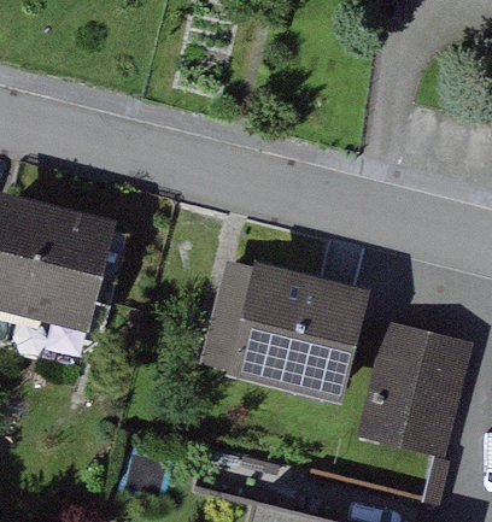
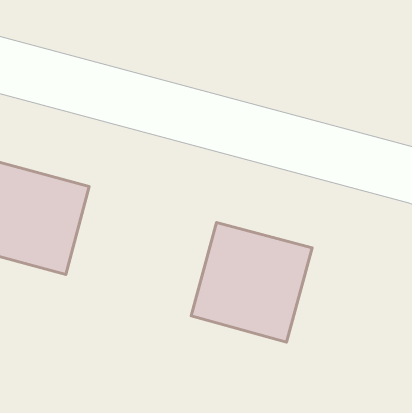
building: [370,322,472,442] -> none

